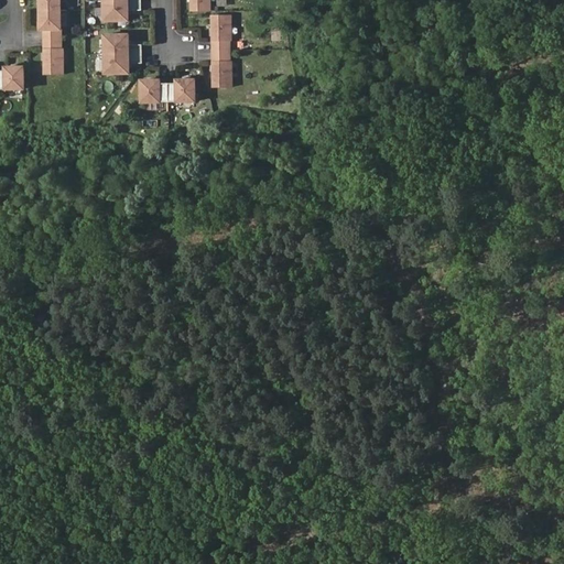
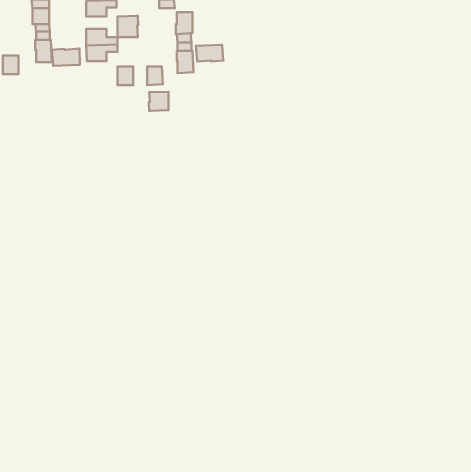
building: none -> [118,16,138,37]
building: none -> [196,45,223,62]
building: none -> [52,49,80,66]
building: none -> [149,92,169,111]

